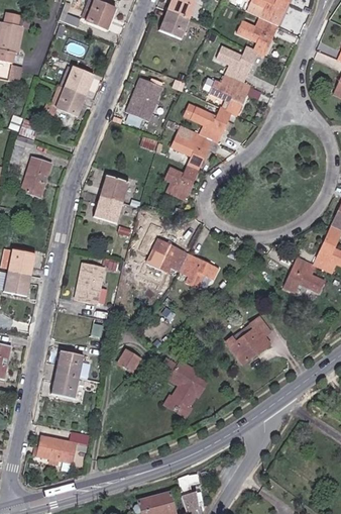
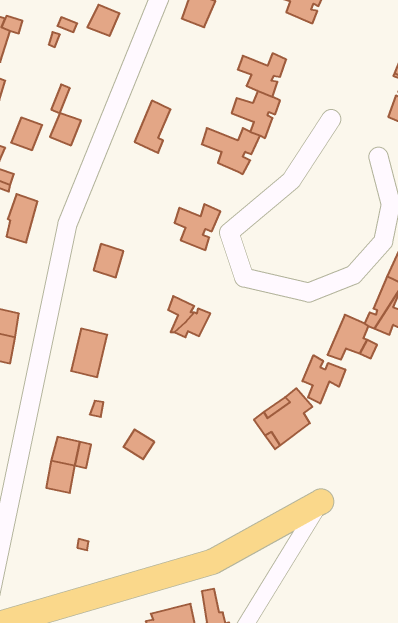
building: [228,10,270,52] -> none
building: [157,15,183,40] -> none
building: [66,72,91,98] -> [11,118,42,150]
building: [165,130,210,172] -> none
building: [99,176,124,204] -> none
building: [179,254,217,288] -> none
building: none -> [302,355,345,404]
building: [153,362,205,422] -> none
building: [42,435,80,465] -> none

